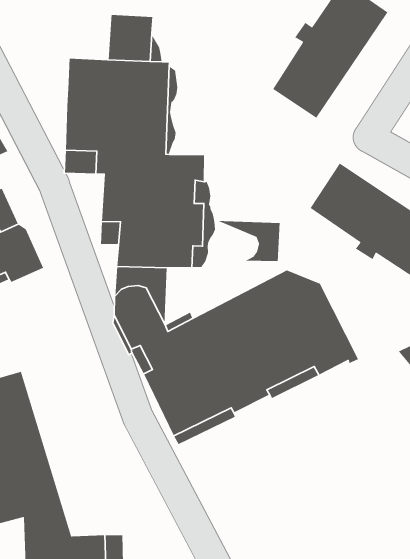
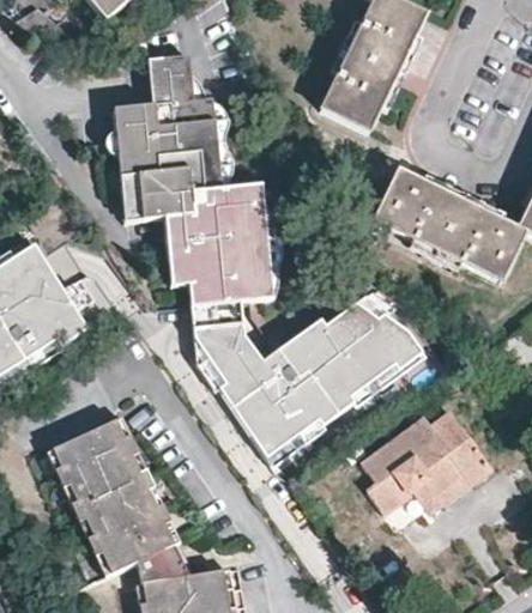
building: [215,220,280,262] -> none
building: none -> [362,408,495,516]

